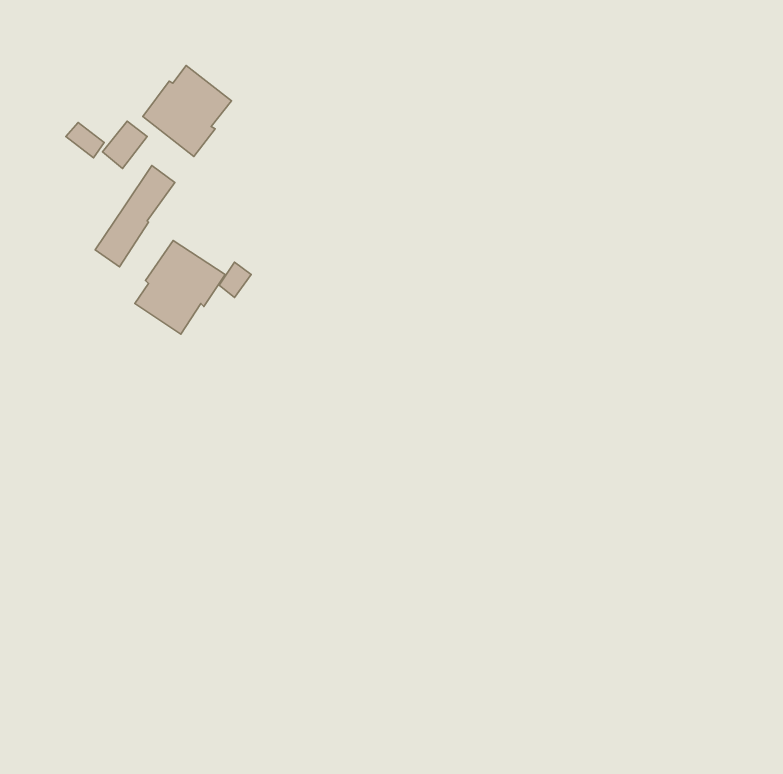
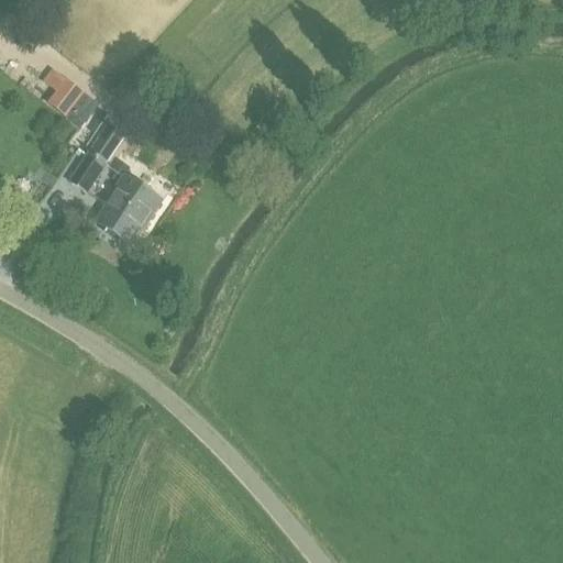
building: [143,66,232,156] -> none

